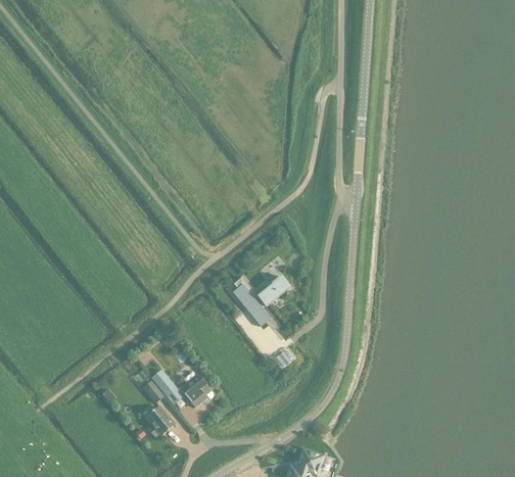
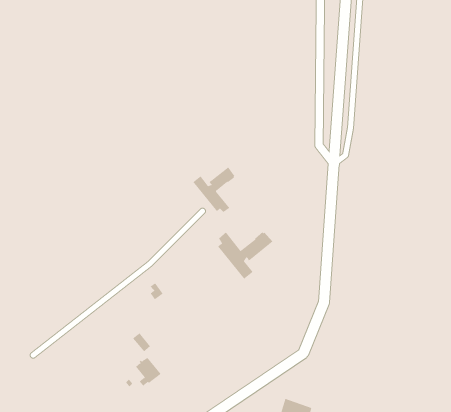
building: none -> [193,167,235,213]
building: [151,370,210,408] -> none

